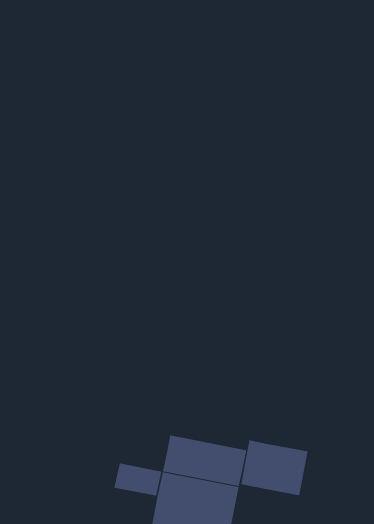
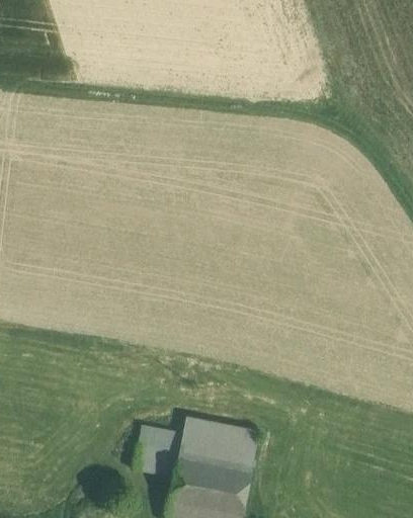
building: [241,439,308,496] -> none
building: none -> [140,425,184,451]

